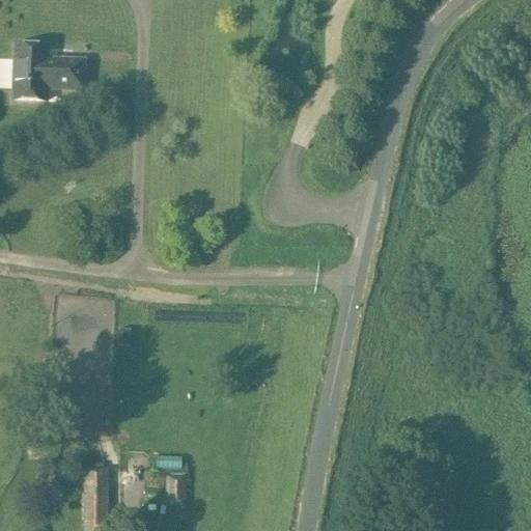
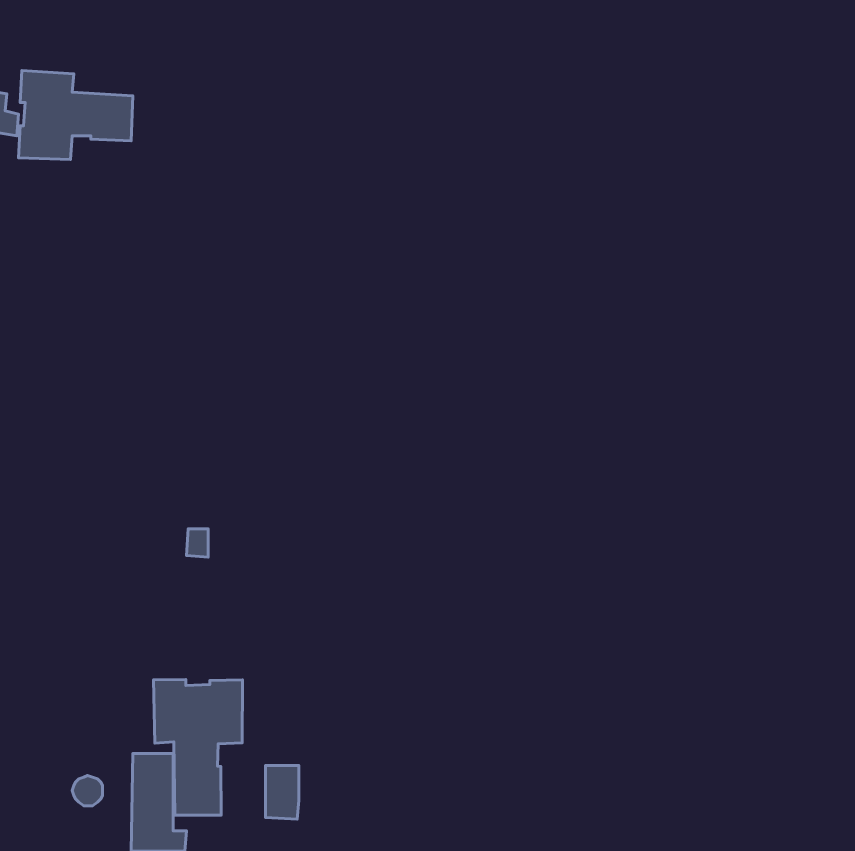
building: none -> [153,679,242,815]

